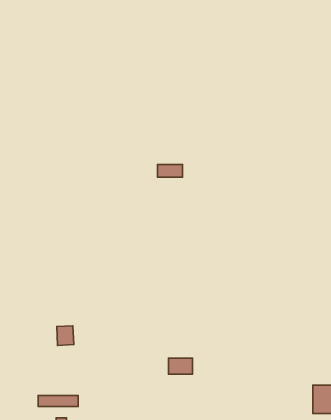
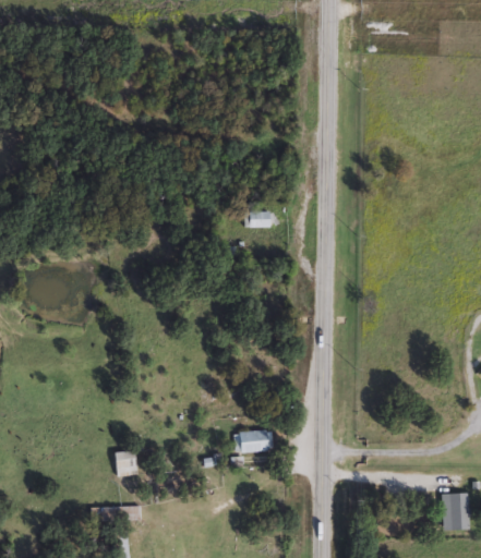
building: [57,326,74,345] -> [117,451,139,476]
building: [169,358,193,374] -> [238,432,268,452]

